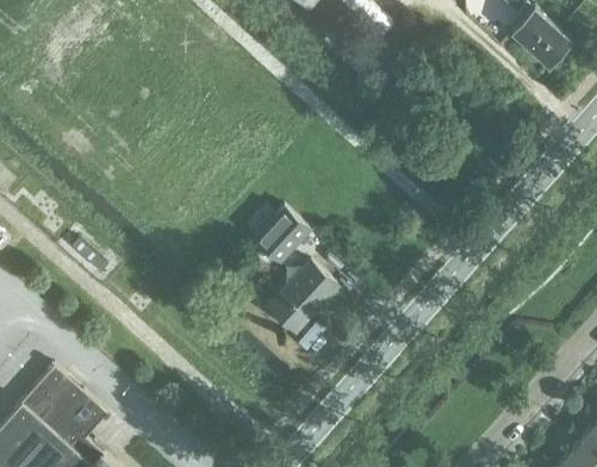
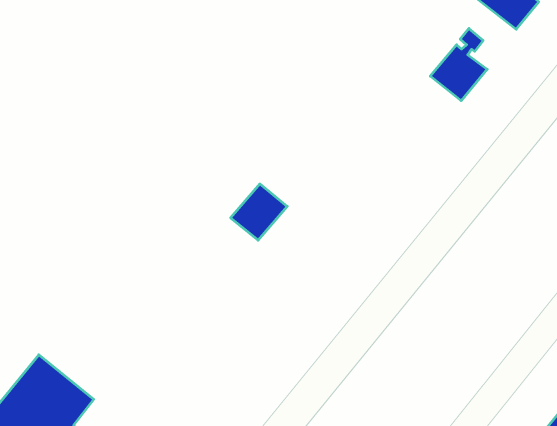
building: none -> [430,28,487,101]
building: [265,261,340,336] -> none

